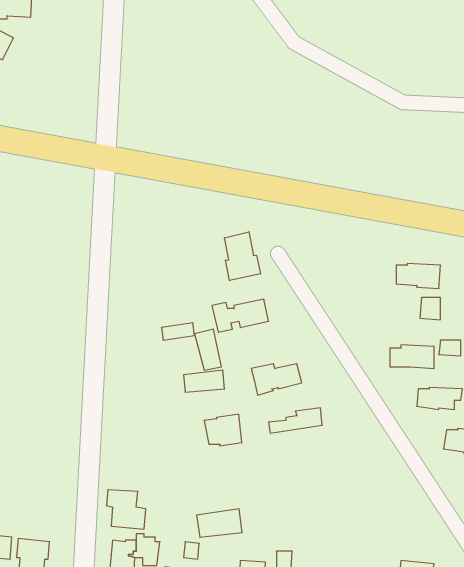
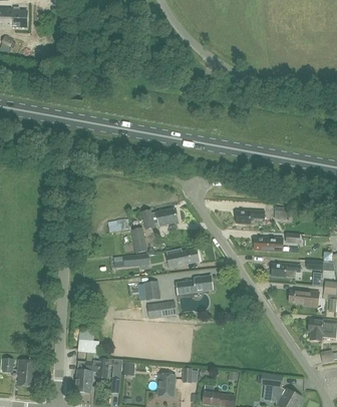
building: [224,232,260,281] -> none
building: [396,263,440,289] -> [237,210,265,226]
building: [197,509,242,537] -> [147,300,177,318]

